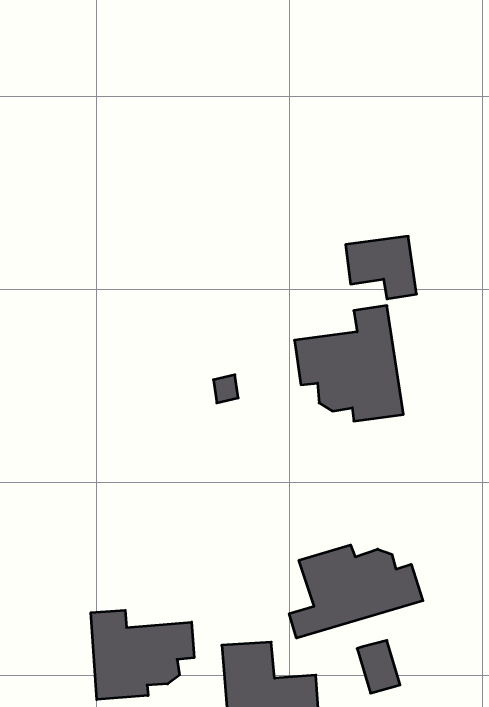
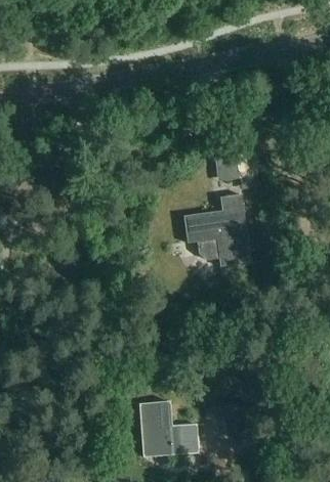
building: [289,545,423,638] -> none
building: [91,610,194,700] -> none

